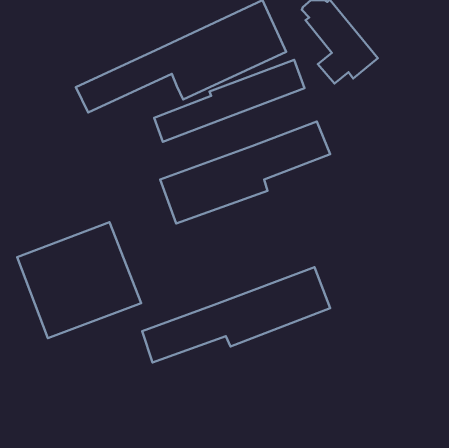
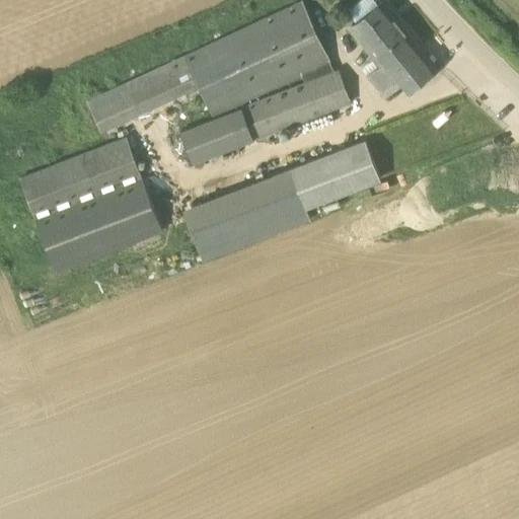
building: [17,222,141,338] -> [19,138,162,272]
building: [142,267,330,362] -> none

